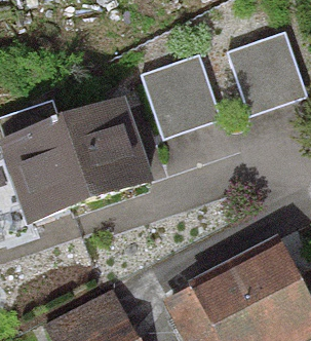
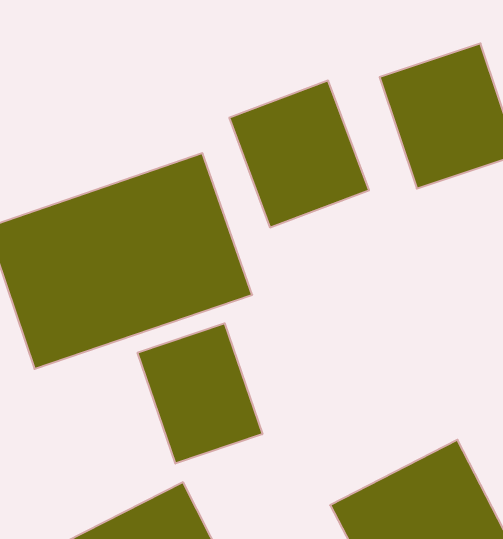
building: none -> [138,323,262,464]

